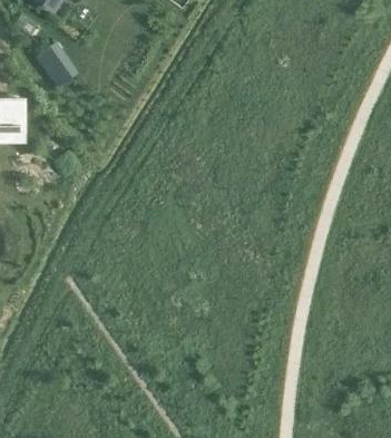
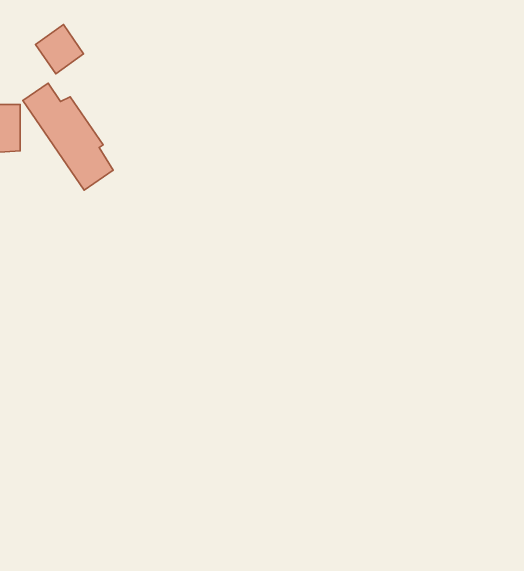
building: none -> [23,83,113,190]

